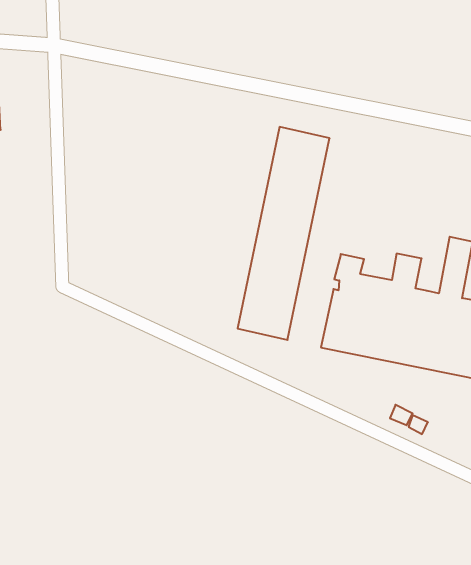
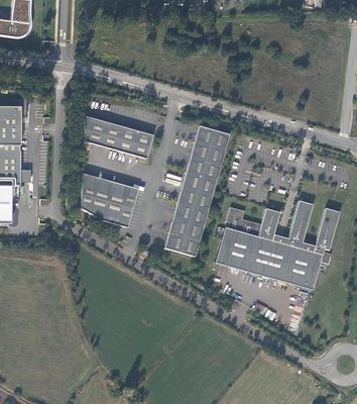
building: none -> [85,116,153,159]
building: none -> [81,174,138,227]

